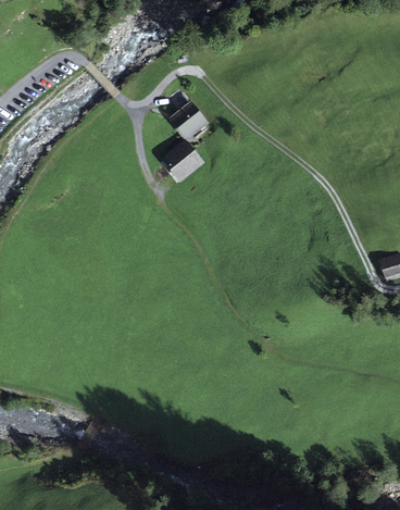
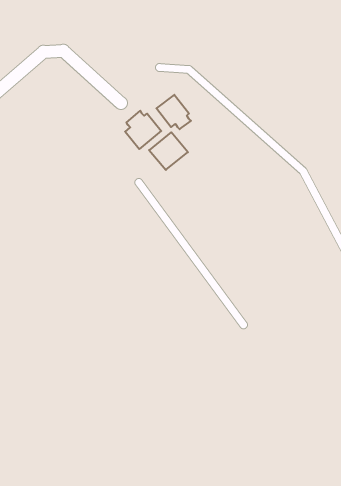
building: none -> [125,111,161,149]

